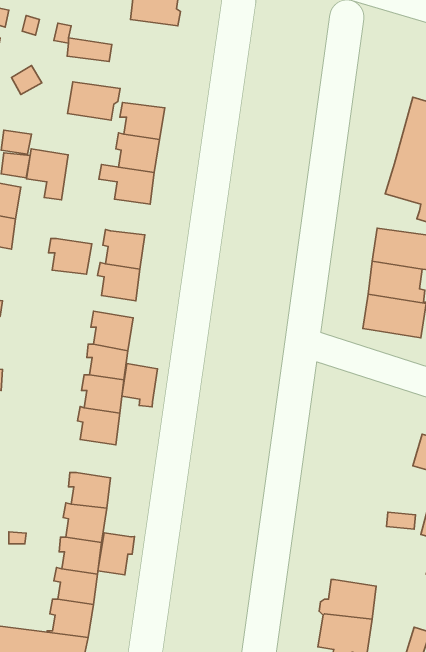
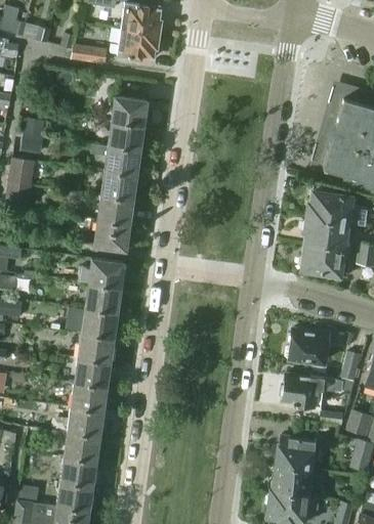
building: [68,82,120,120] -> [118,30,159,59]
building: [27,149,68,200] -> none
building: [48,238,92,274] -> [103,169,137,196]
building: [122,363,157,407] -> none
building: none -> [286,329,328,361]
building: none -> [77,354,111,385]
building: none -> [281,374,342,406]
building: [98,533,134,575] -> none
building: none -> [275,437,316,469]

